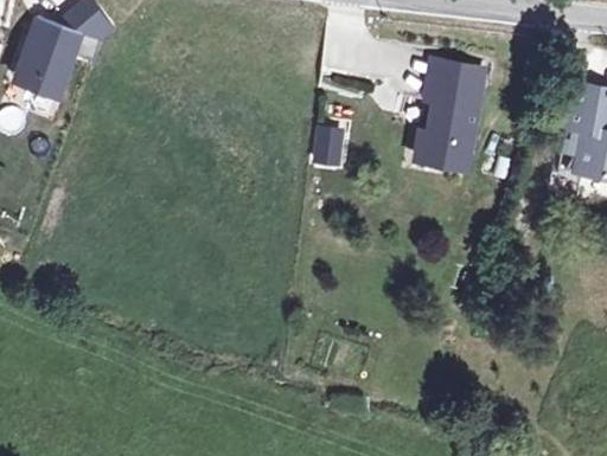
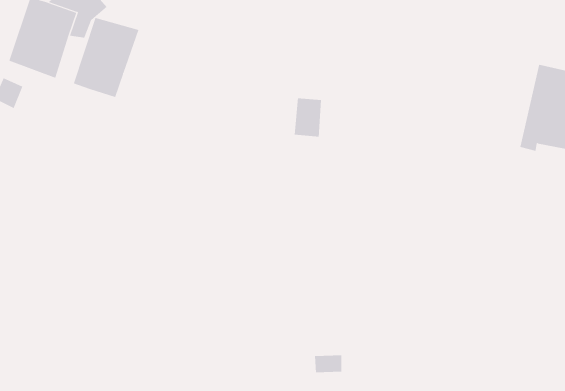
building: none -> [73,17,139,98]
building: [410,58,480,168] -> none

